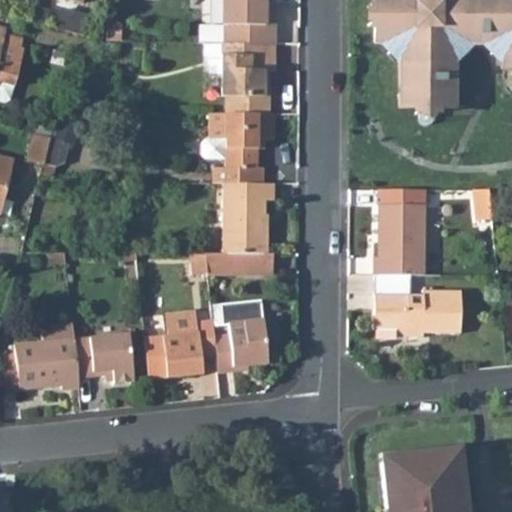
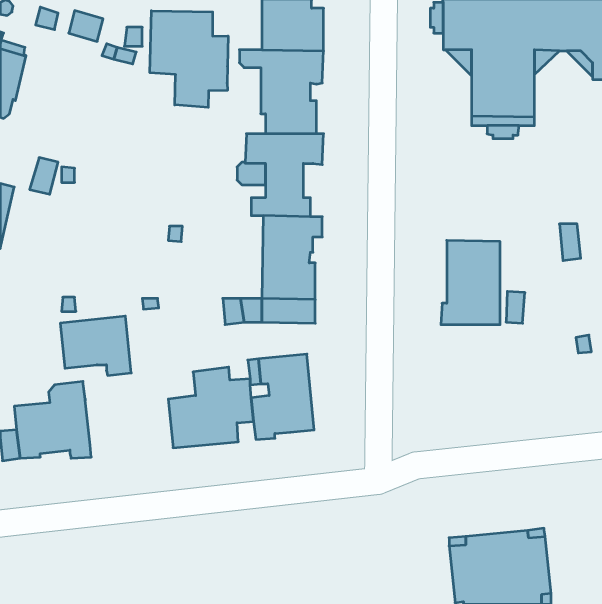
building: none -> [150,11,228,107]
building: [374,274,462,336] -> none
building: [75,332,135,382] -> [60,316,131,375]

